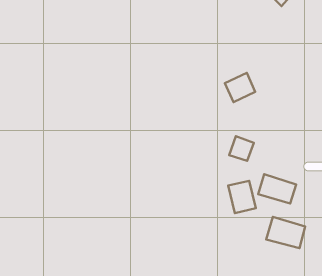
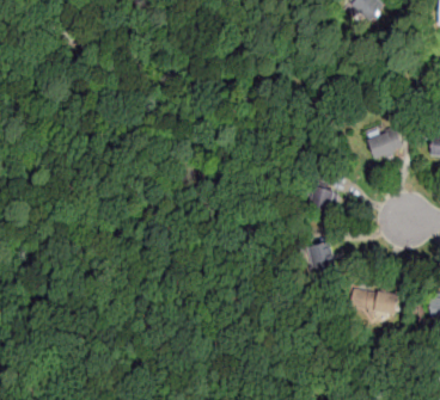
building: [225,73,255,102] -> [365,123,403,160]
building: [258,174,296,203] -> none

